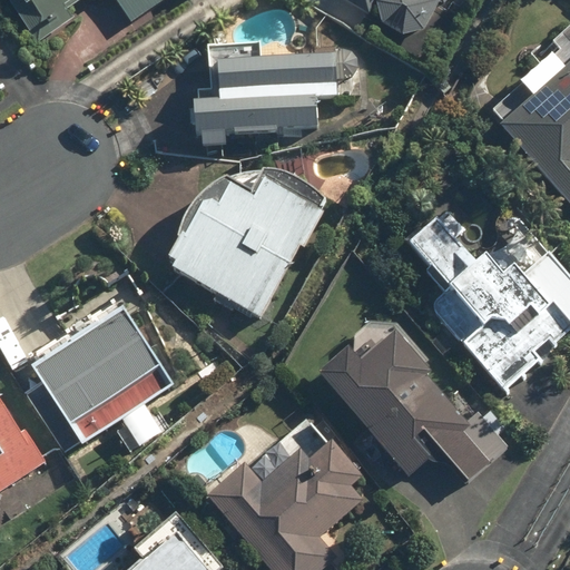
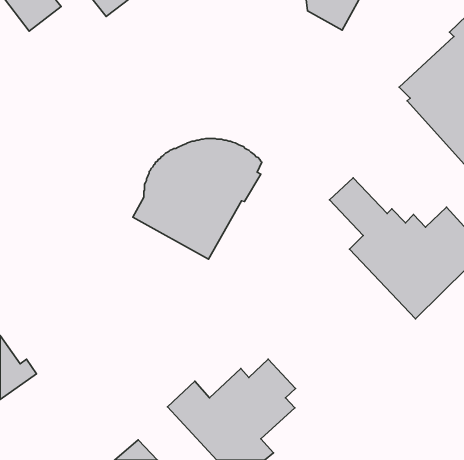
building: [188,50,338,144] -> none
building: [32,309,170,445] -> none
building: [315,328,507,478] -> none

